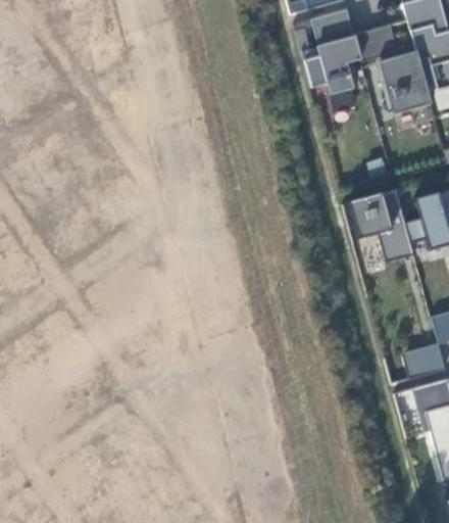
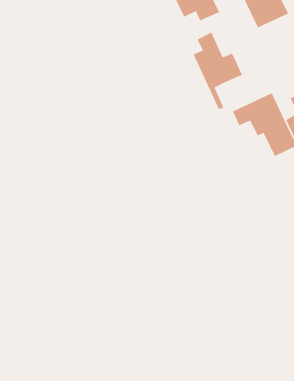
building: none -> [193,32,243,110]

